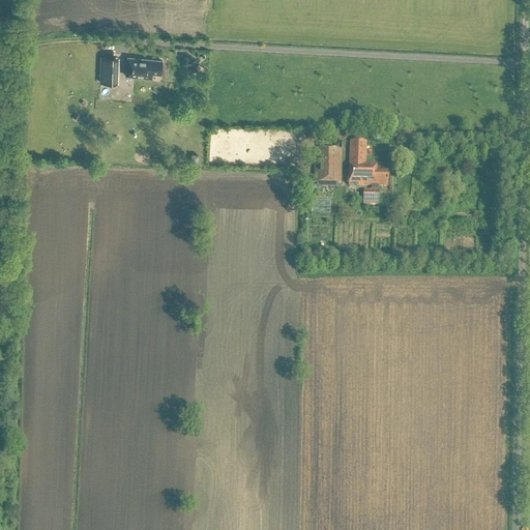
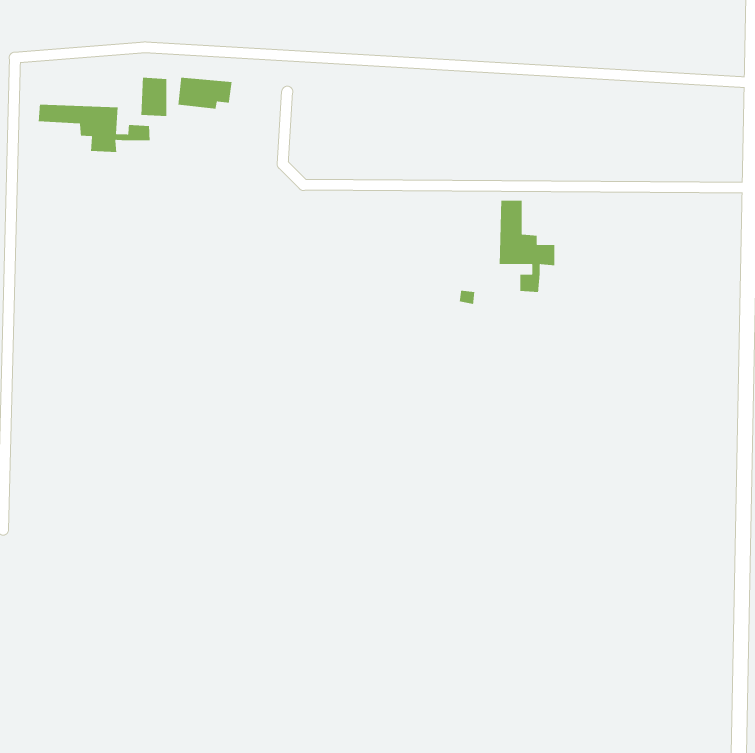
building: none -> [38,104,151,153]
building: [315,148,343,183] -> none

